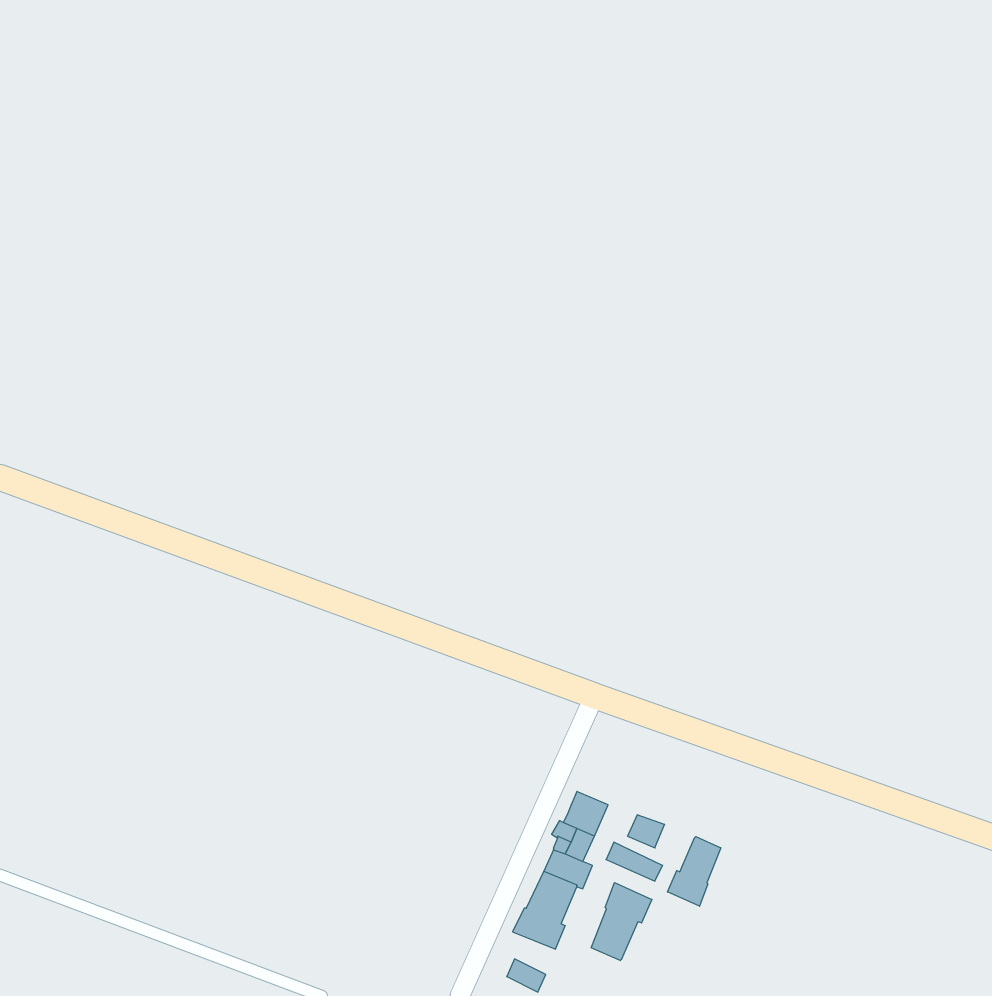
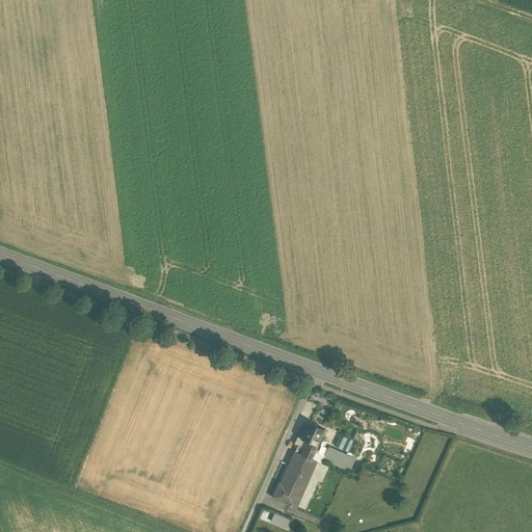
building: [667,837,721,906] -> none
building: [591,883,652,961] -> none

